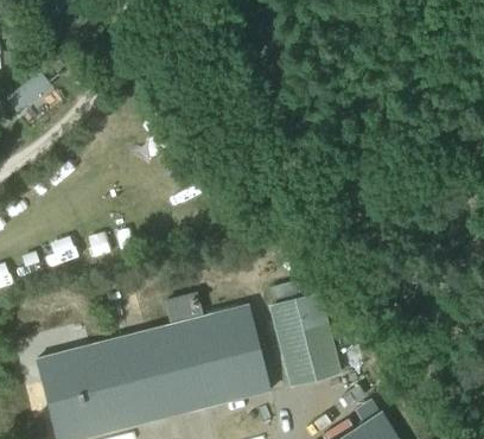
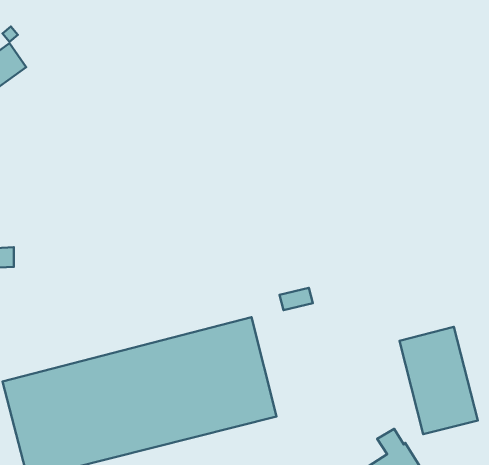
building: [273,295,339,387] -> [399,327,478,434]

